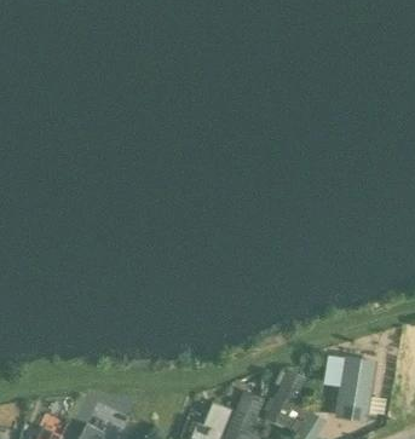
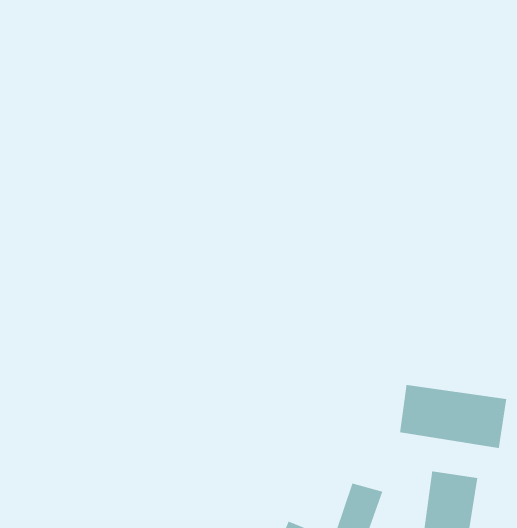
building: none -> [399,384,507,449]

